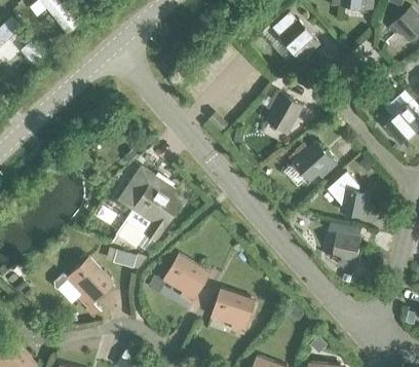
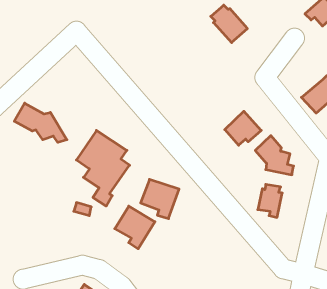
building: [266,90,303,132] -> none
building: none -> [14,103,67,142]
building: [67,257,114,317] -> none
building: [211,288,256,334] -> [141,179,179,219]

